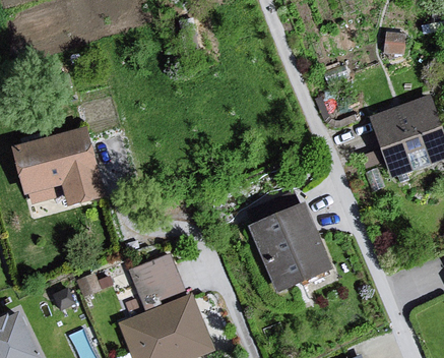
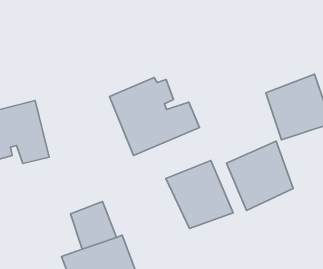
building: none -> [110,77,199,155]
building: none -> [226,141,293,211]

